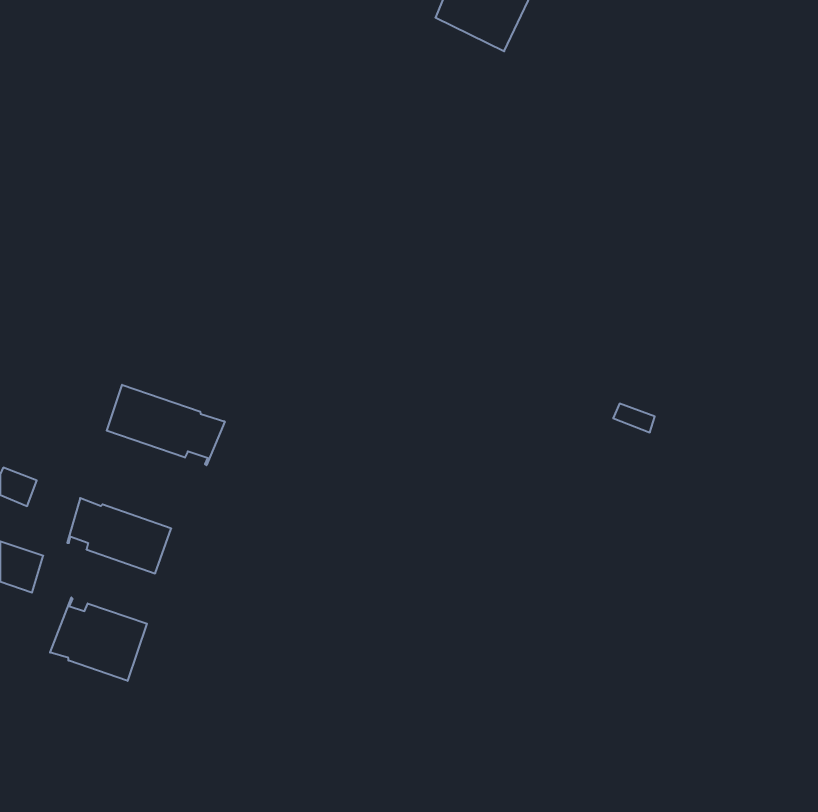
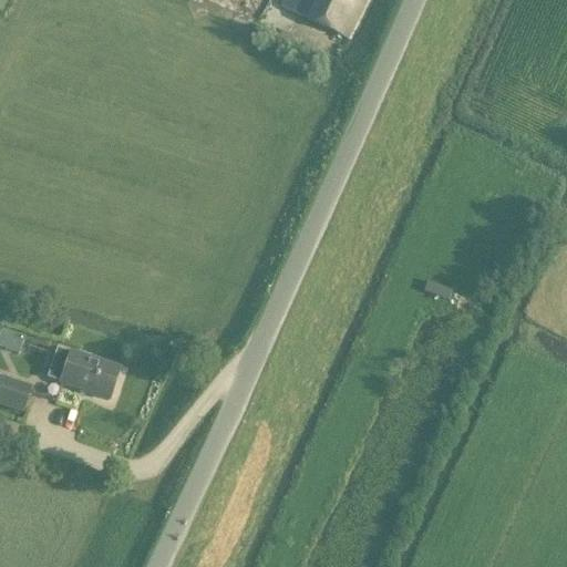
building: [107,385,225,465] -> none
building: [50,597,147,681] -> none

